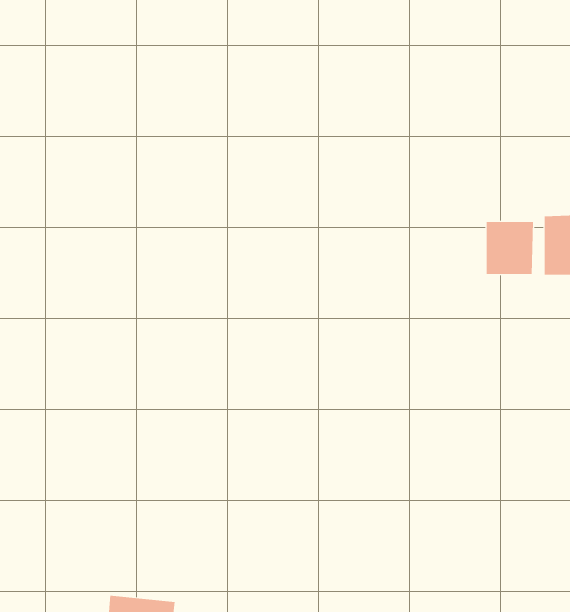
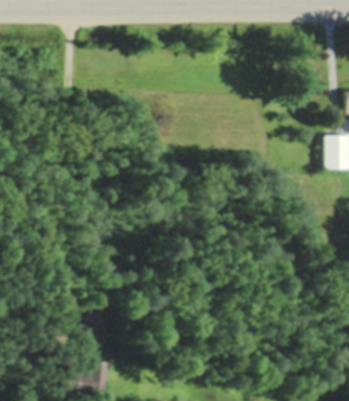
building: [486,221,533,275] -> none

